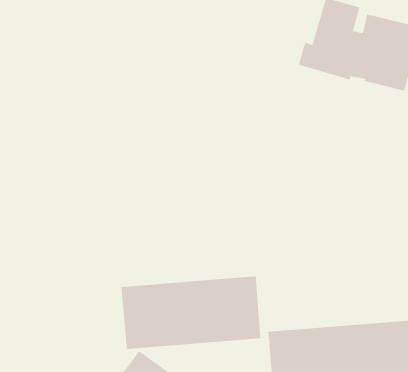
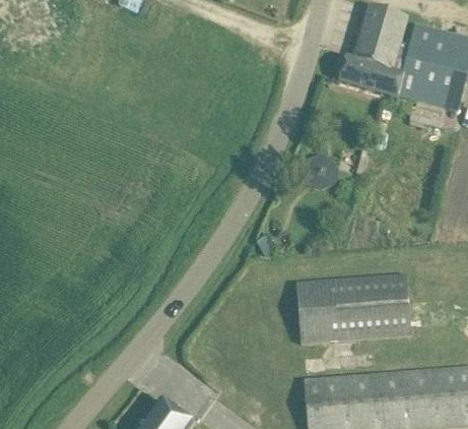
building: none -> [296,274,411,342]
building: [121,275,261,350] -> none

